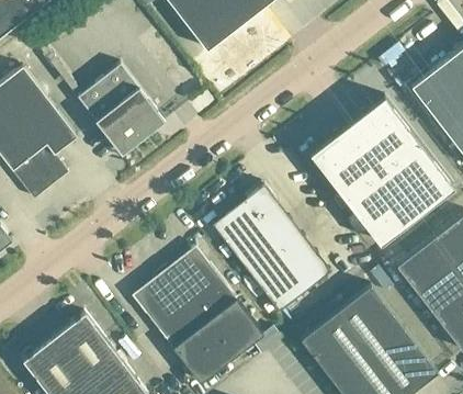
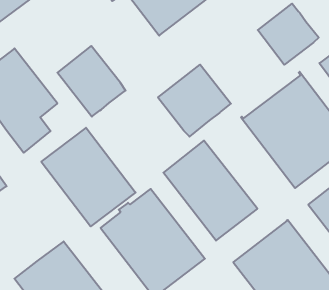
building: none -> [258,4,319,65]
building: none -> [158,65,231,137]
building: none -> [41,128,136,226]

